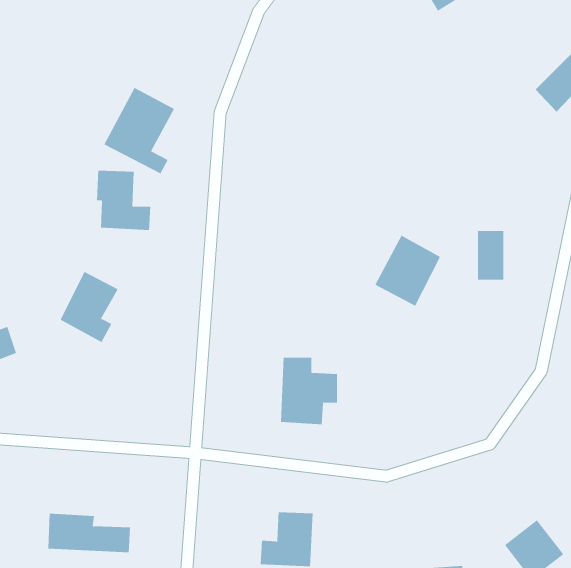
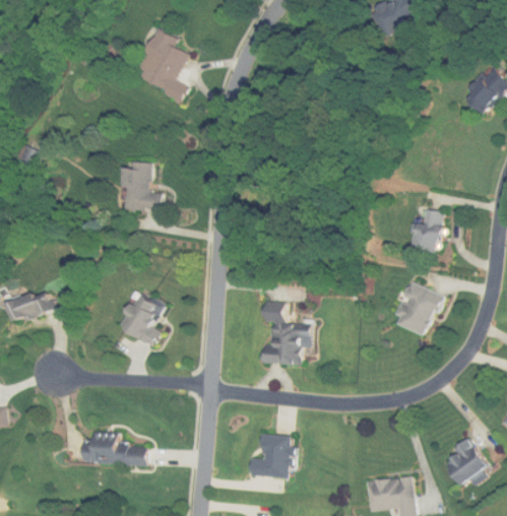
building: [103,87,175,174] -> [131,31,188,101]
building: [374,235,441,307] -> [389,279,442,336]
building: [60,271,119,343] -> [118,288,165,345]

